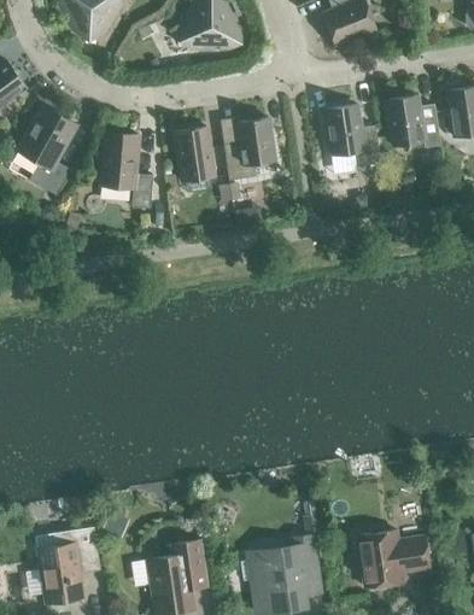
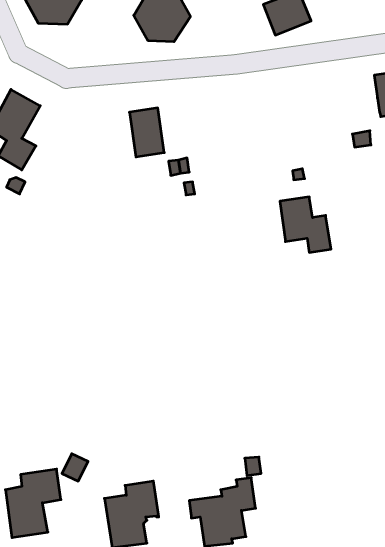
building: [385,95,440,147] -> none
building: [324,105,381,166] -> [280,197,331,252]
building: [223,117,275,180] -> none
building: [101,133,153,209] -> none
building: [357,531,429,587] -> none

